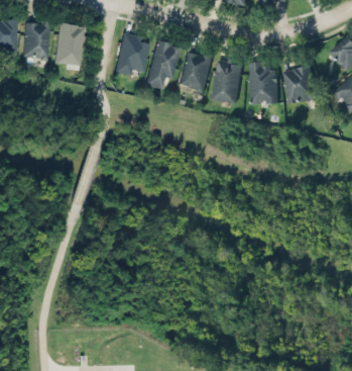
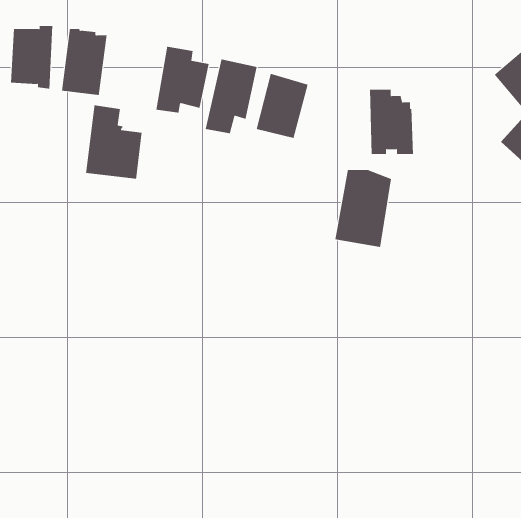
building: [206,56,242,105] -> [334,169,392,248]
building: [282,66,316,104] -> none
building: none -> [85,104,142,180]

